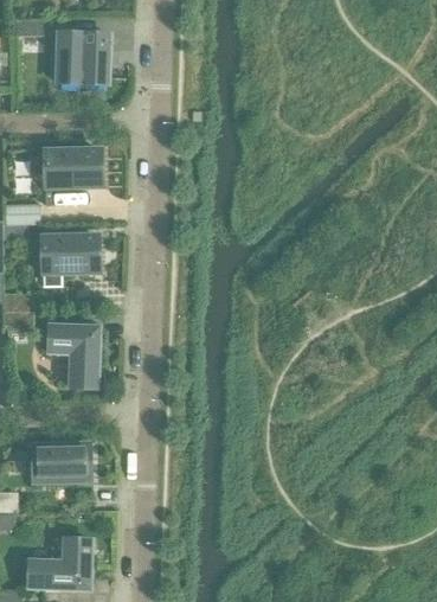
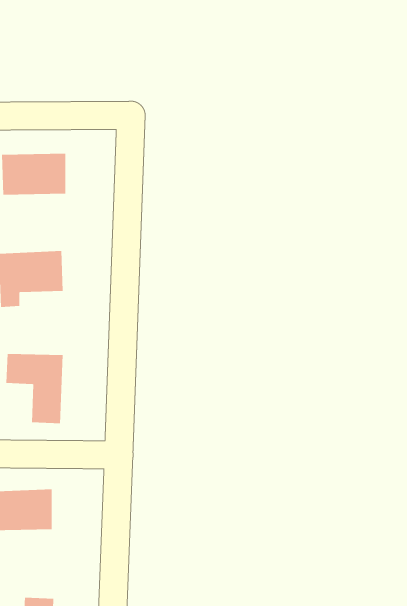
building: [56,32,109,83] -> none

